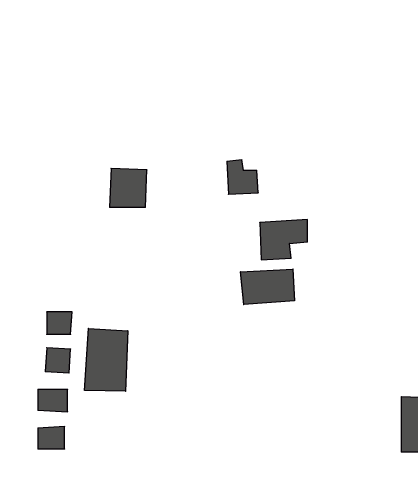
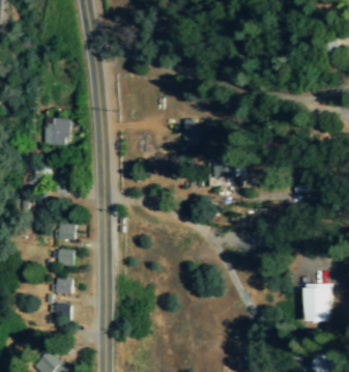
building: [110,168,147,207] -> [42,117,68,144]
building: [241,269,294,305] -> none
building: [85,328,128,391] -> none

